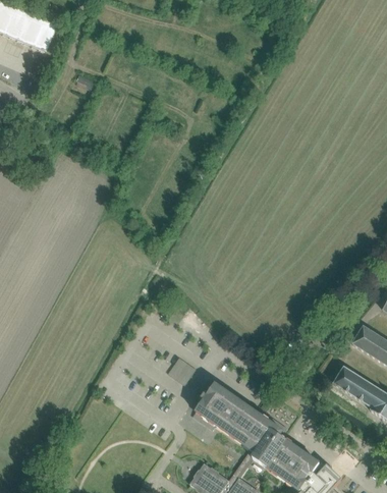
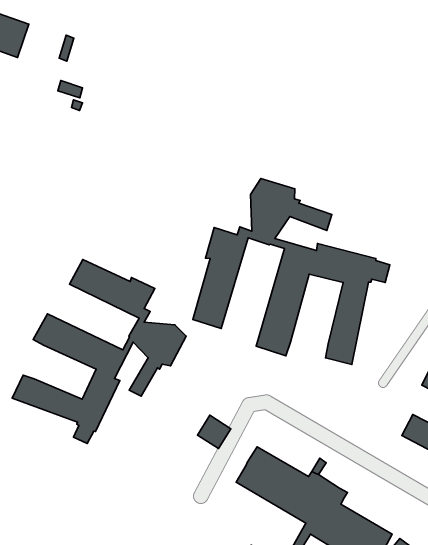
building: none -> [193,178,390,364]
building: none -> [12,259,186,443]

